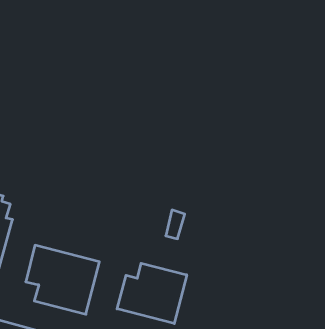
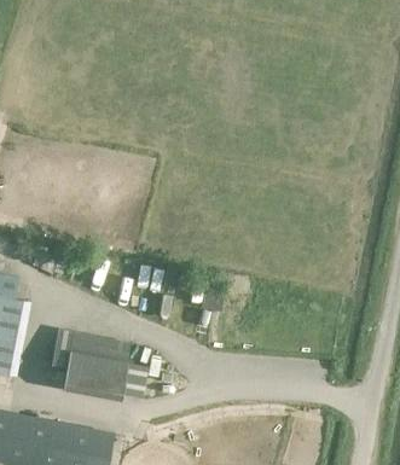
building: [117,263,187,324] -> none

